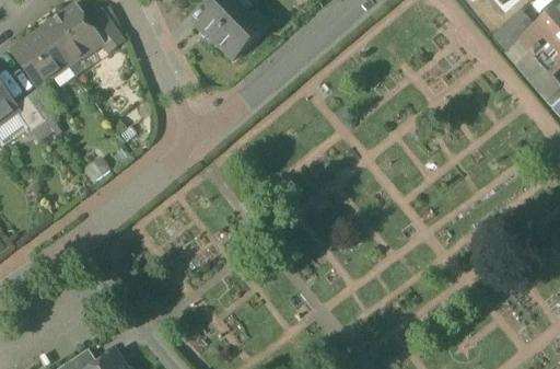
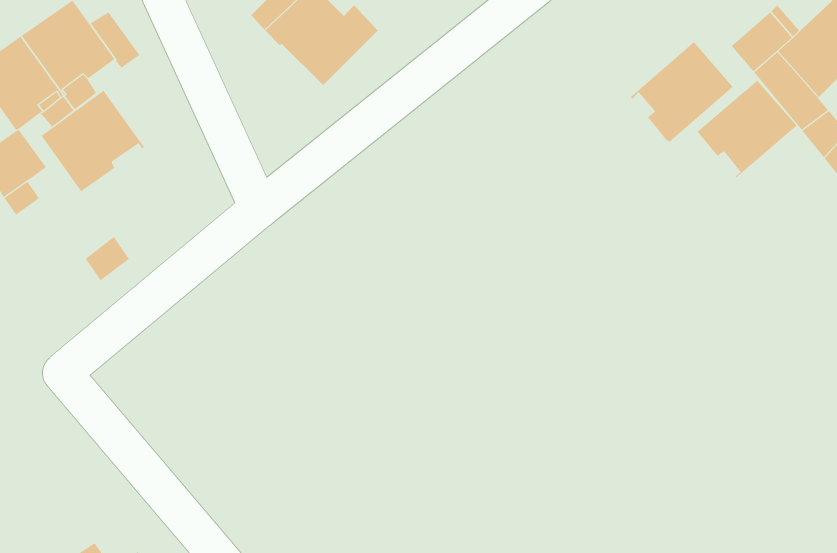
building: none -> [630,41,734,143]
building: none -> [696,80,797,178]
building: none -> [41,90,145,193]

